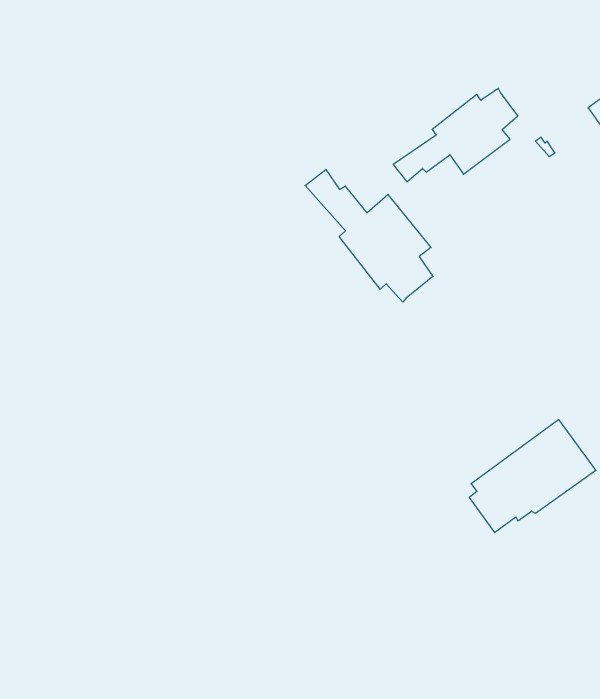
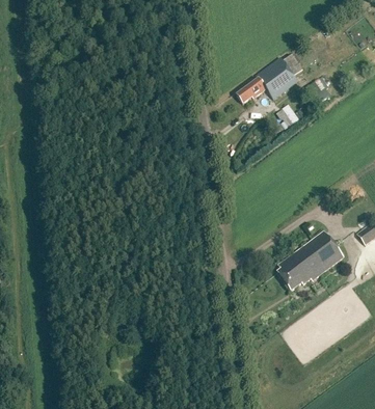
building: [305,169,433,302] -> none

